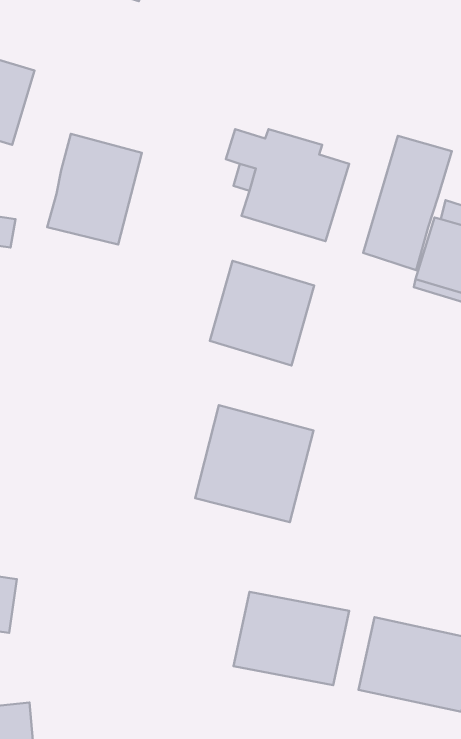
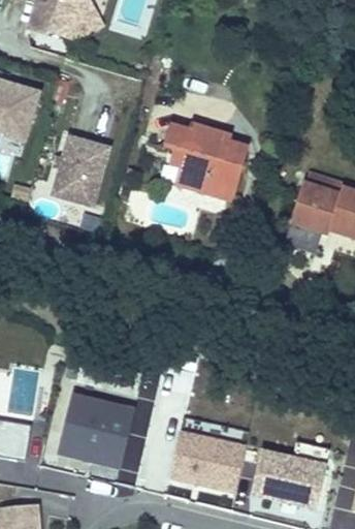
building: [363,136,452,270] -> none
building: [210,261,314,365] -> none
building: [195,405,314,522] -> [59,391,136,467]

